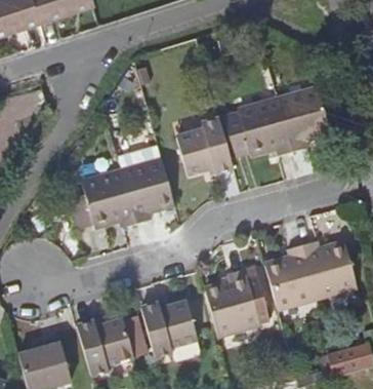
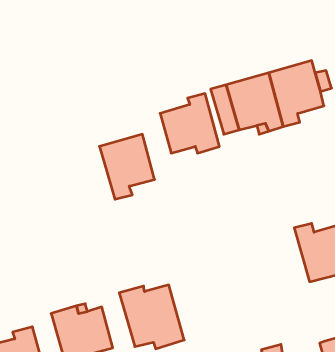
building: [70,170,135,225] -> none
building: [265,246,317,308] -> none
building: [204,271,260,338] -> none

